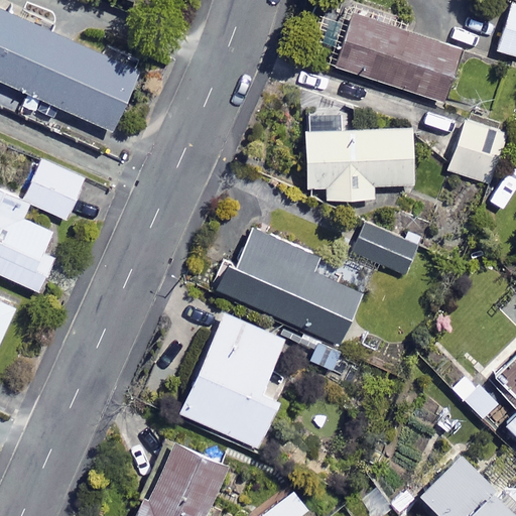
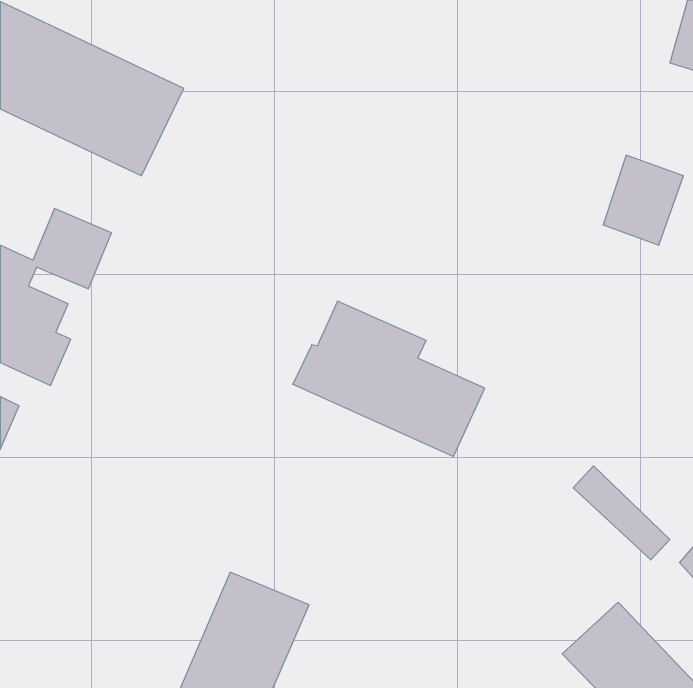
building: [336,13,461,104] -> none
building: [305,128,414,201] -> none
building: [354,227,417,278] -> none
building: [179,313,285,448] -> none

